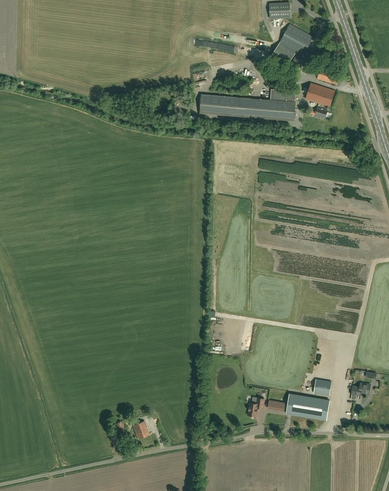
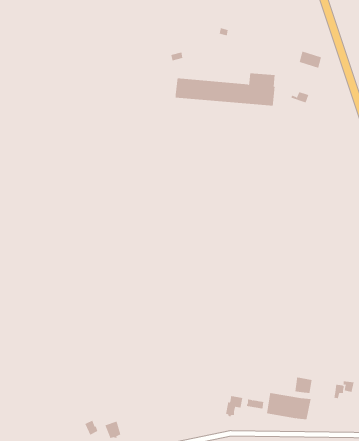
building: [269,24,313,68] -> none
building: [305,83,334,106] -> none

